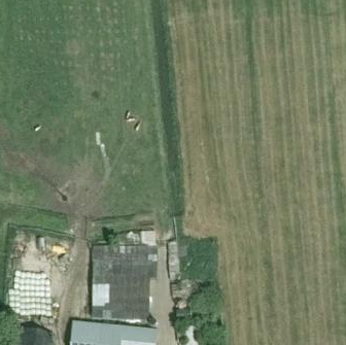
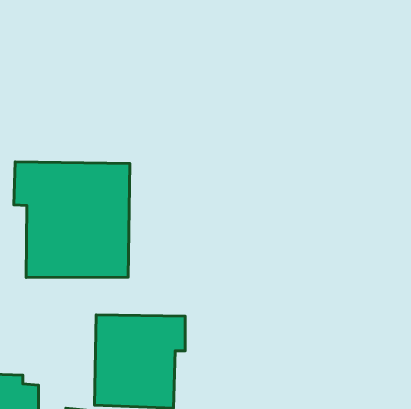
building: none -> [14,162,130,278]

